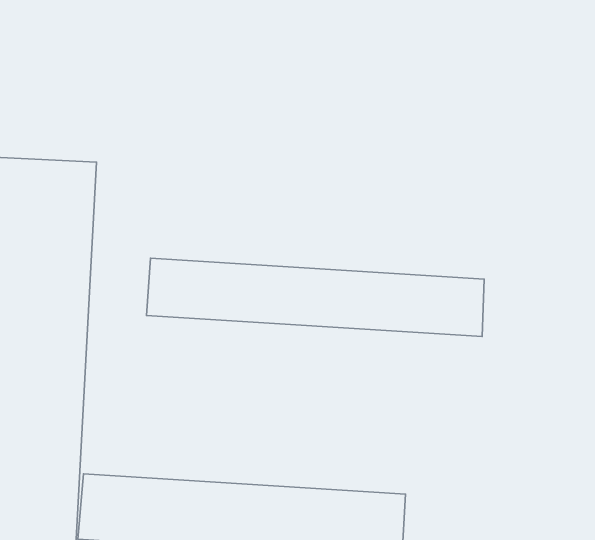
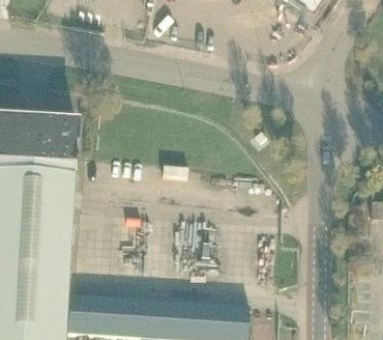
building: [147,258,484,337] -> none

